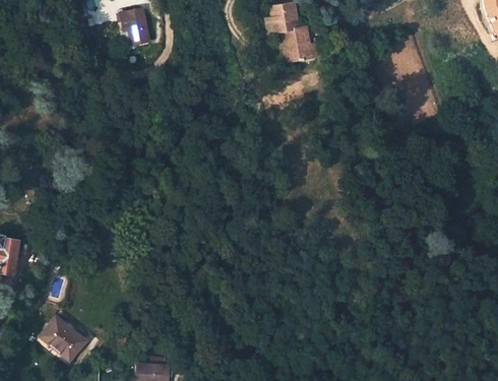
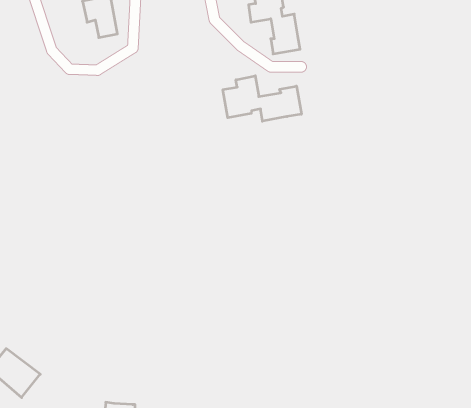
building: none -> [223,76,301,121]

